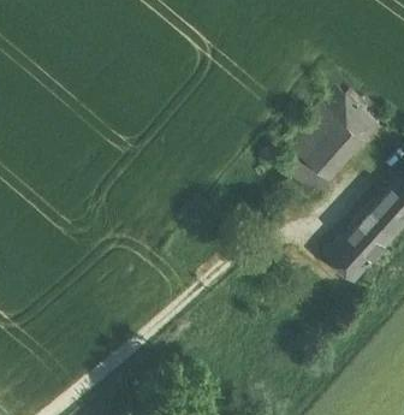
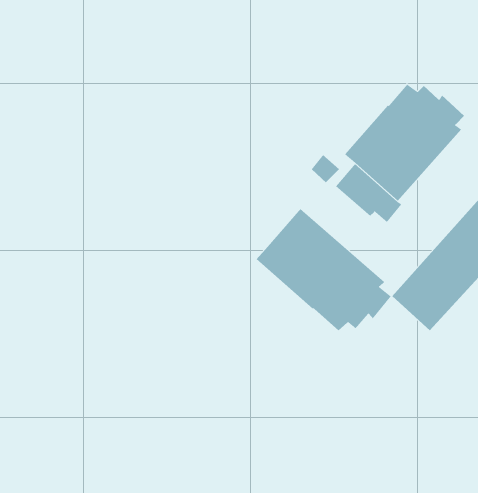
building: none -> [256,208,392,331]

